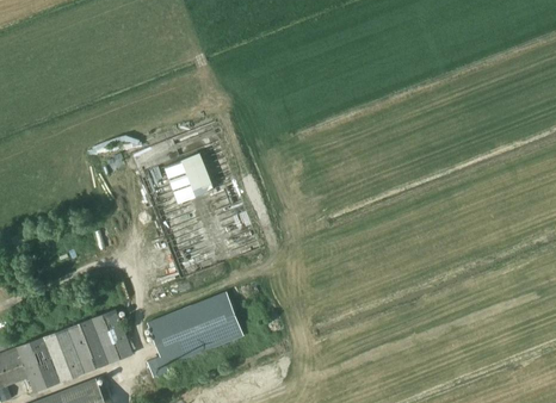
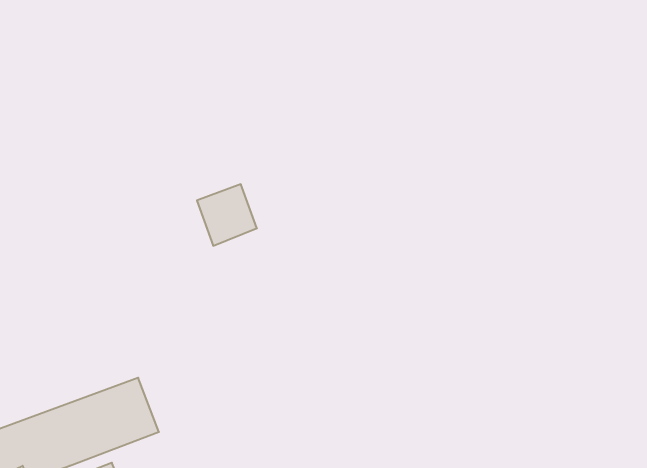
building: [146,291,241,377] -> none

